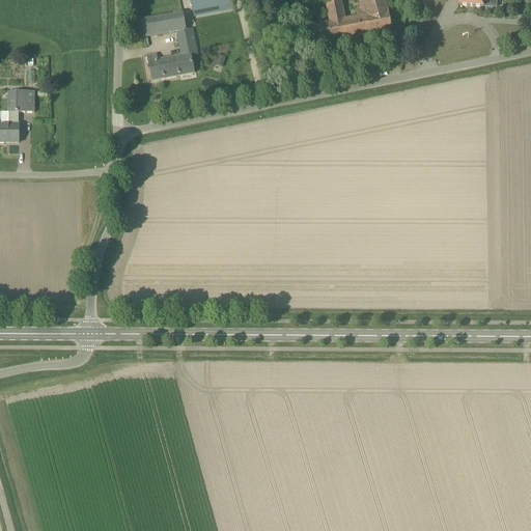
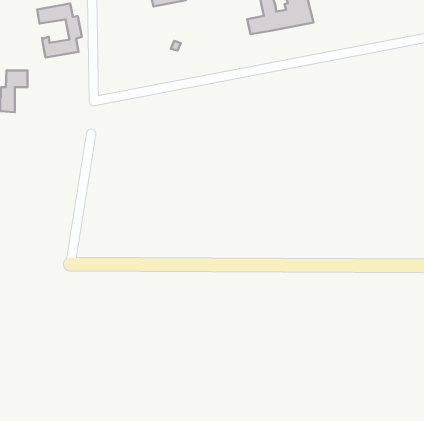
building: [142,9,198,77] -> [37,4,82,58]

